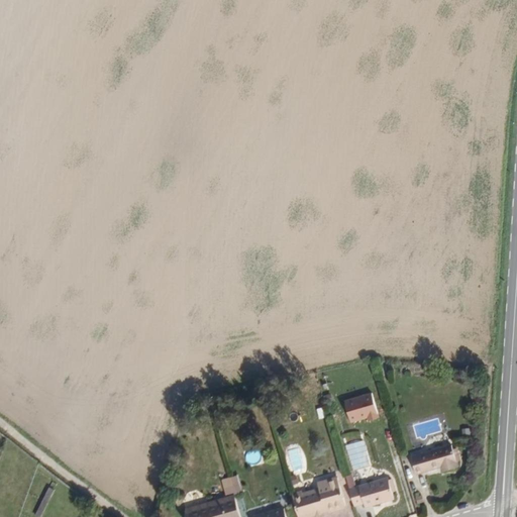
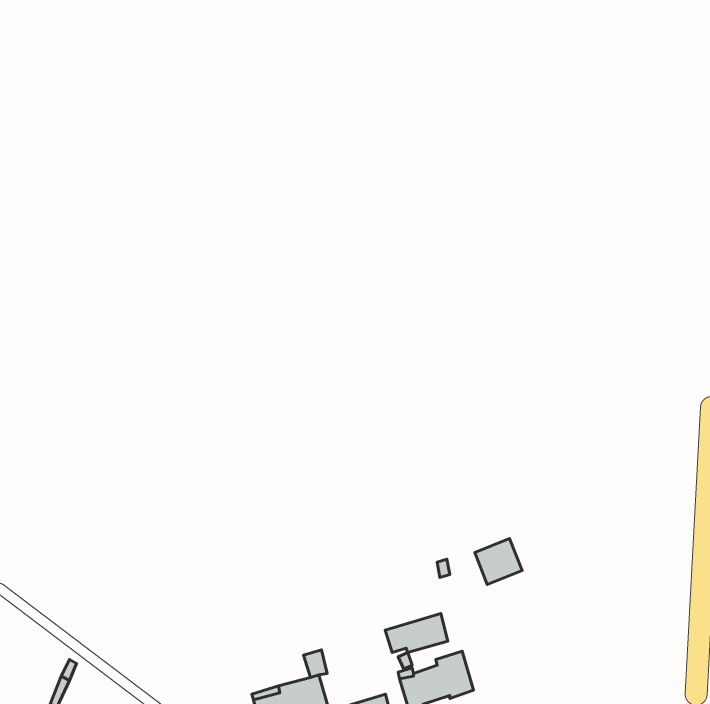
building: [410,445,455,475] -> none
building: [347,477,393,505] -> [385,613,448,652]

